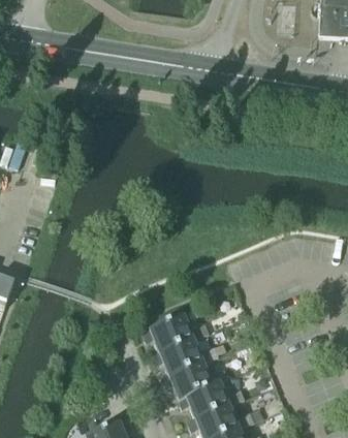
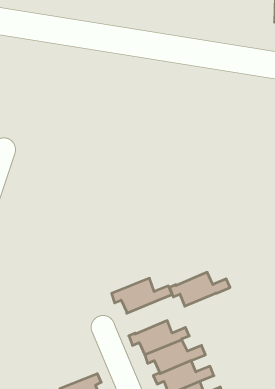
building: [150,337,216,374] -> [169,272,230,306]

